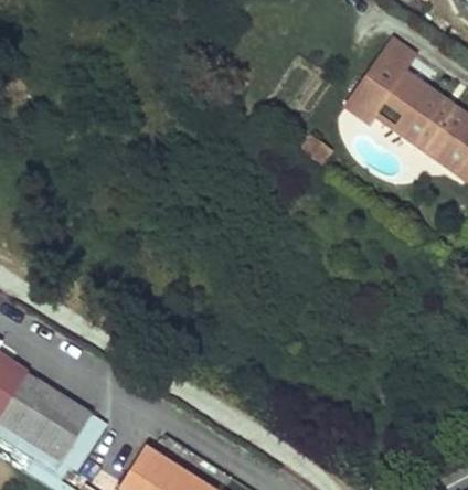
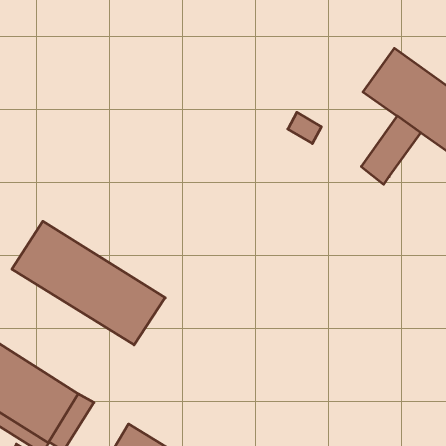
building: [347,56,405,124] -> [361,116,421,184]
building: none -> [12,221,165,345]

